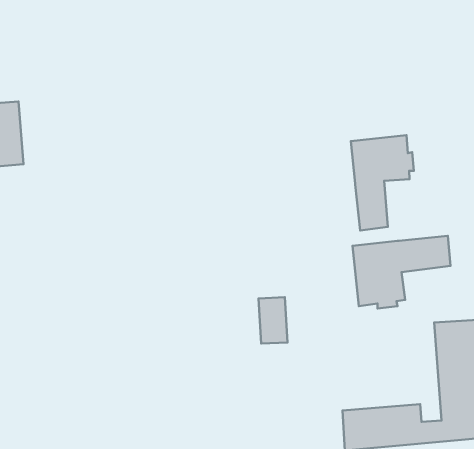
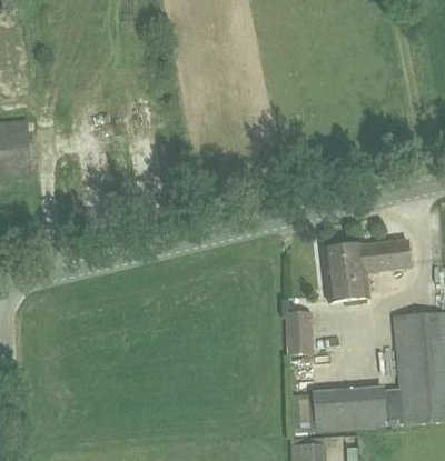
building: [351,135,414,230] -> none
building: [259,297,287,344] -> [286,312,312,353]

